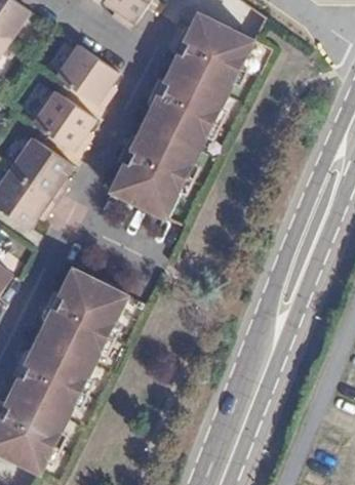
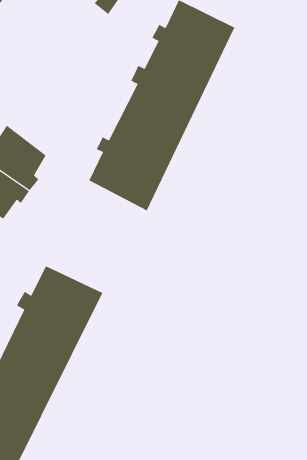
building: [56,43,117,106] -> none
building: [31,88,93,152] -> none

